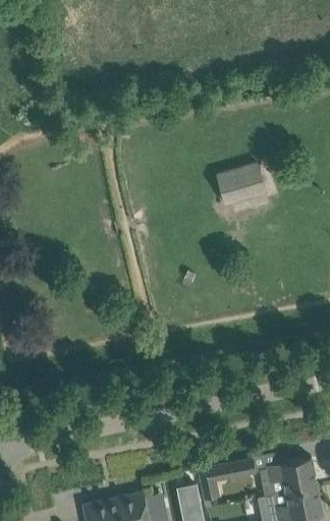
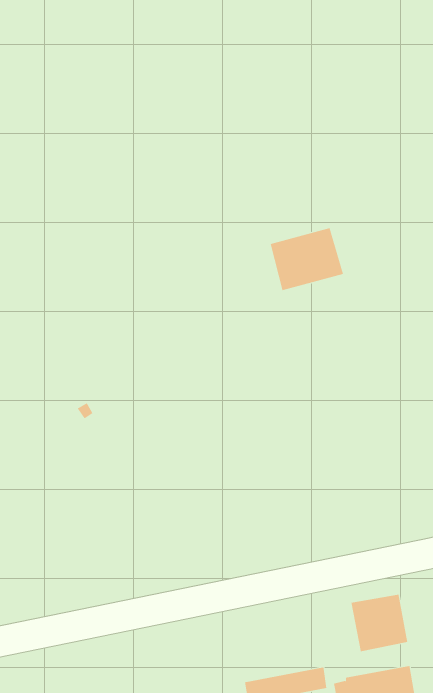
building: none -> [351,594,408,652]

